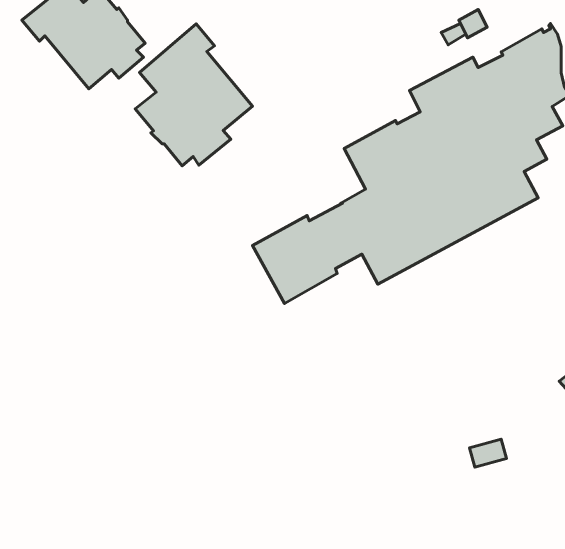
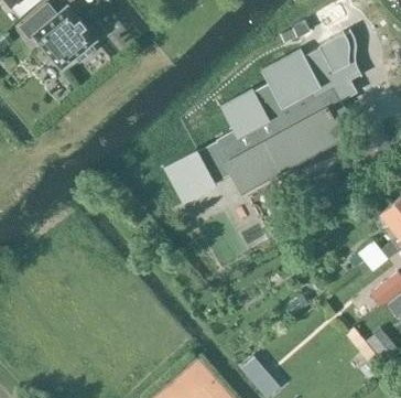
building: [135,24,253,166] -> none

